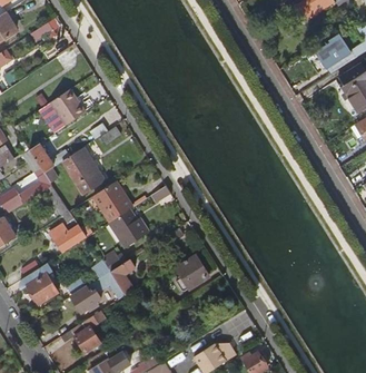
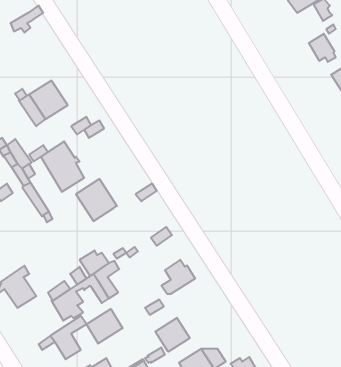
building: [107,208,147,248] -> none
building: [46,220,86,253] -> none
building: none -> [87,309,123,344]
building: none -> [155,318,190,352]

